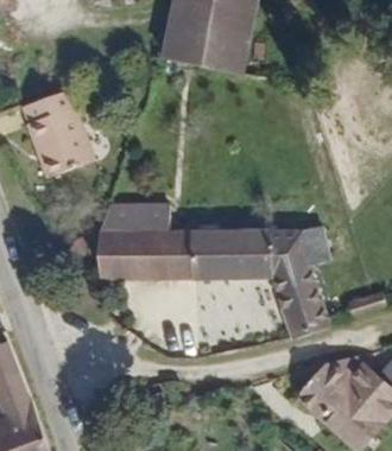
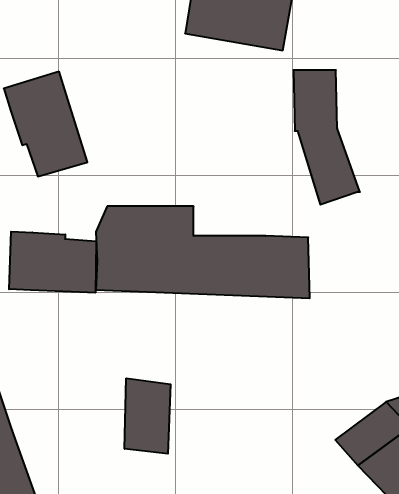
building: none -> [9,232,96,293]
building: [276,230,331,343] -> [293,70,360,205]
building: none -> [125,378,171,454]

